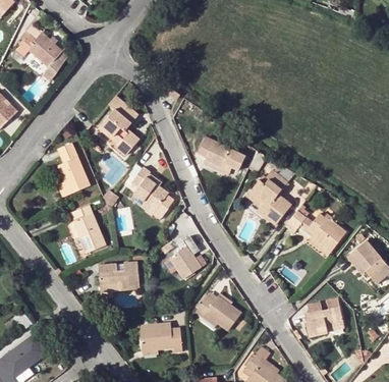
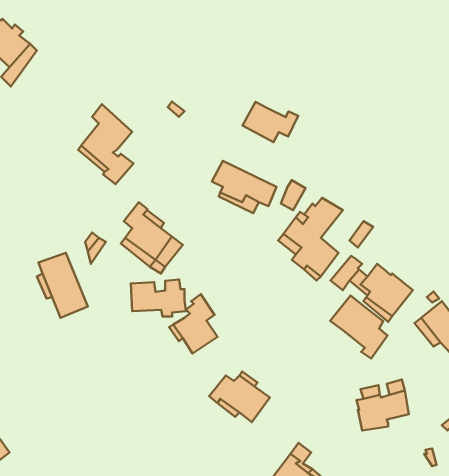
building: none -> [242,102,298,142]
building: [56,142,89,197] -> none
building: none -> [330,296,387,358]
building: [98,262,138,289] -> [131,279,186,317]
building: [138,323,181,352] -> none

